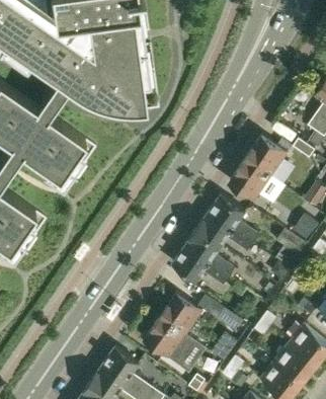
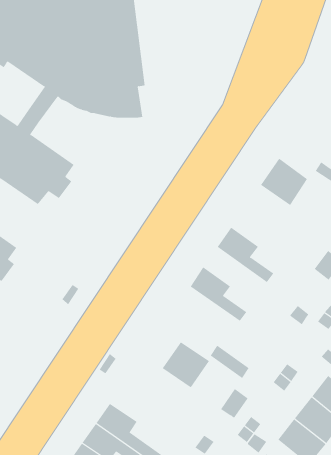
building: [228,163,270,205] -> none
building: [194,217,250,255] -> none
building: [171,251,227,290] -> none
building: [143,322,193,369] -> none

